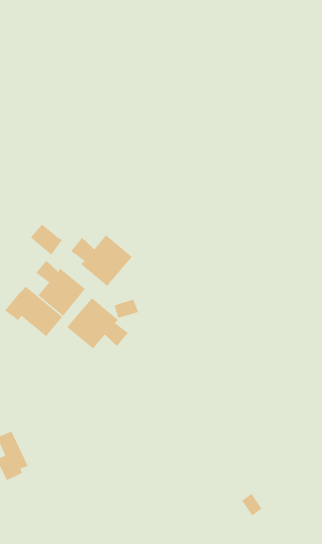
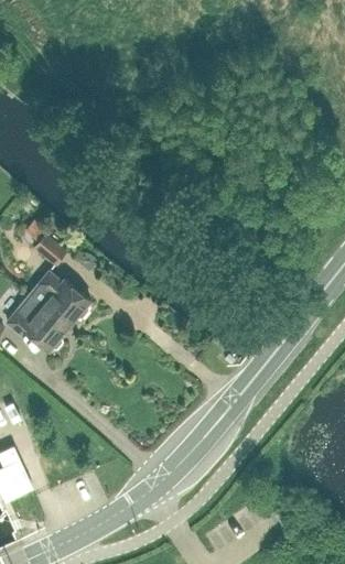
building: [70,234,133,287] -> none
building: [66,297,129,350] -> none

